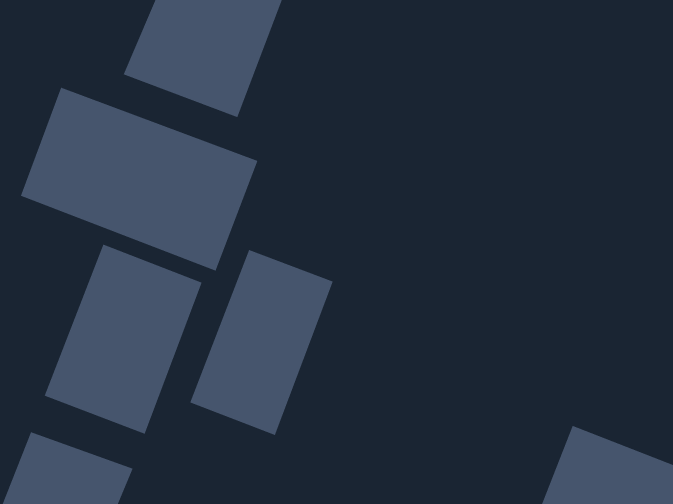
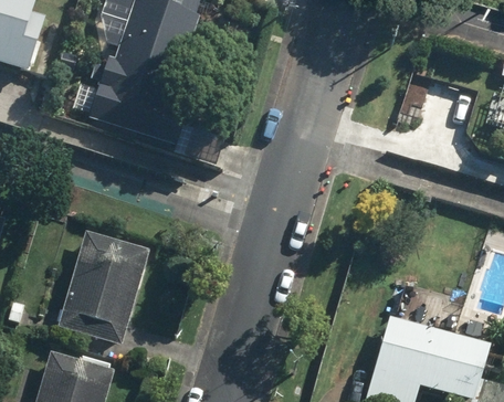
building: [20,87,258,272] -> none
building: [189,249,334,436] -> none

